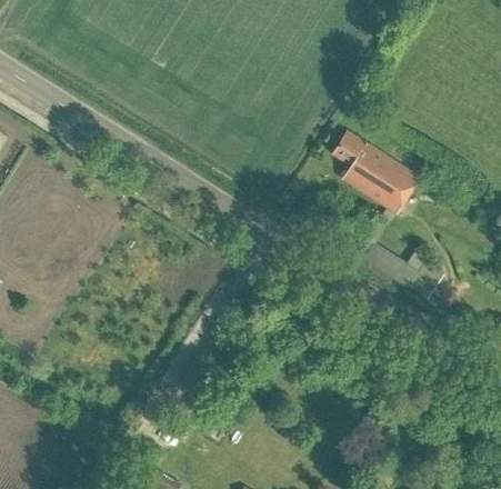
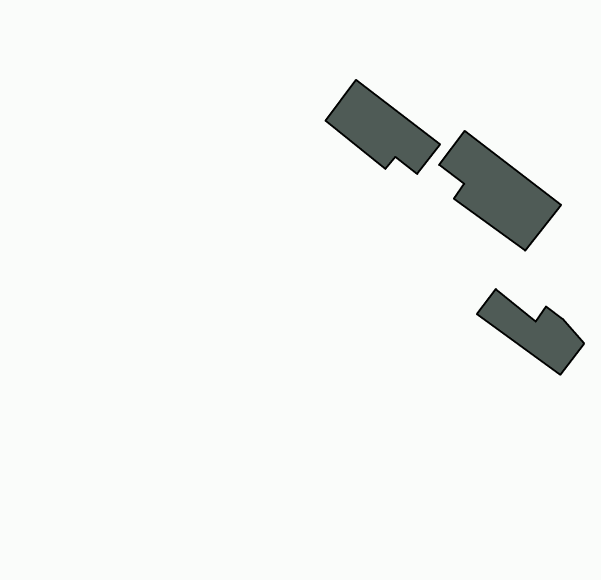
building: none -> [326,80,440,174]

